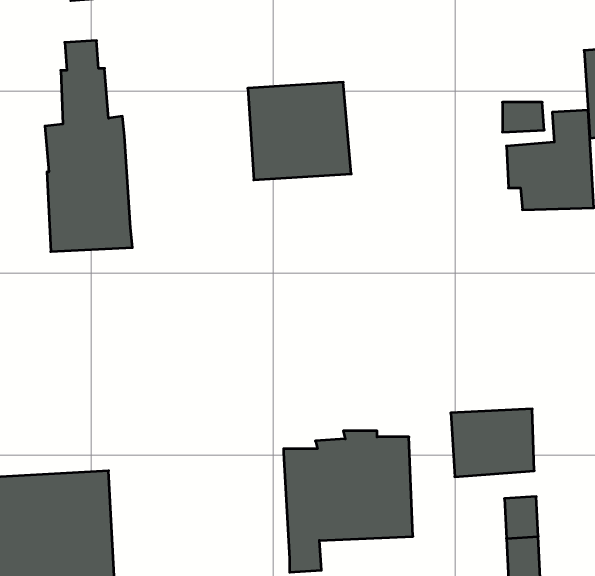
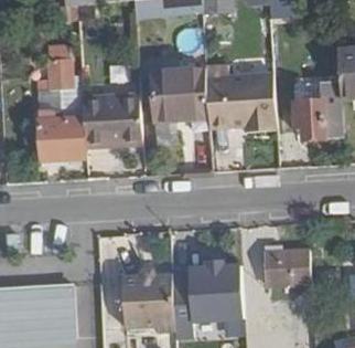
building: none -> [204,62,278,131]
building: none -> [83,95,140,148]
building: none -> [120,268,174,333]

